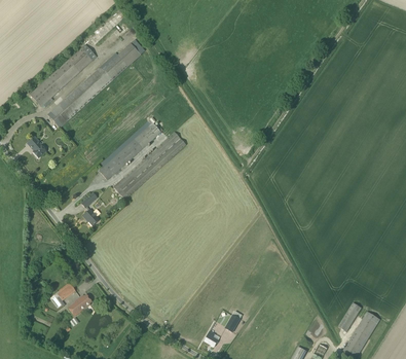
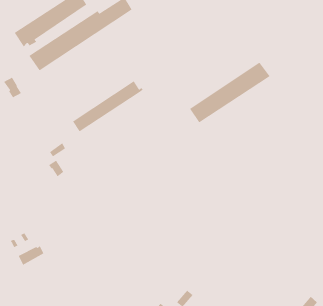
building: [113,131,186,199] -> [189,62,270,123]

